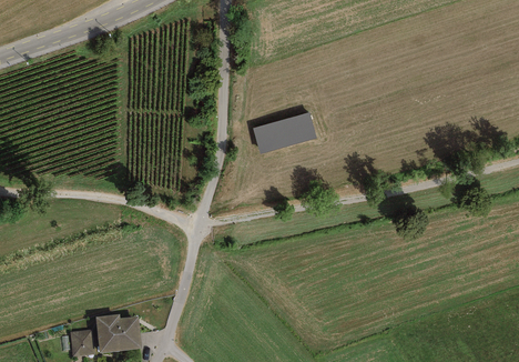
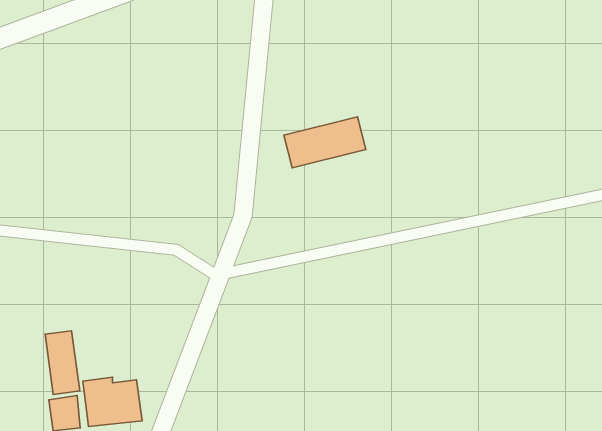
building: none -> [45,331,80,394]

